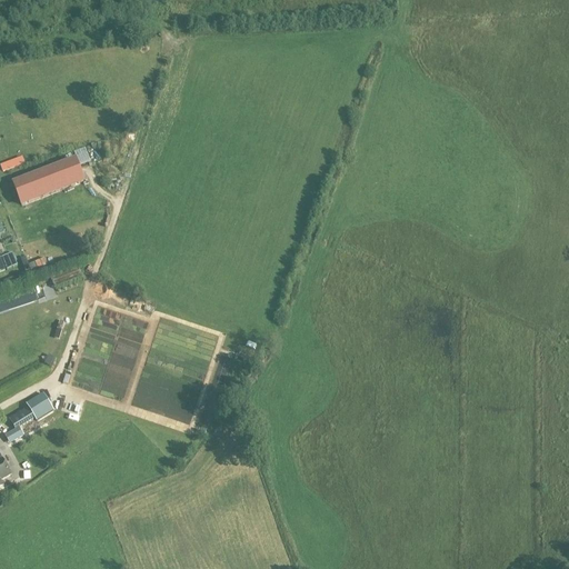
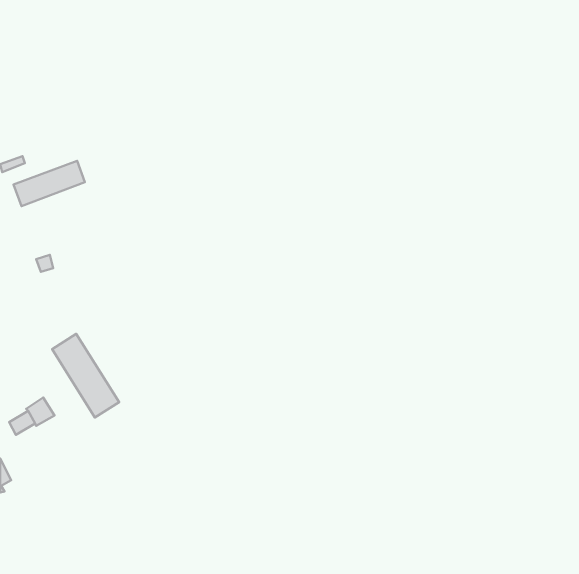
building: none -> [52,334,119,417]

